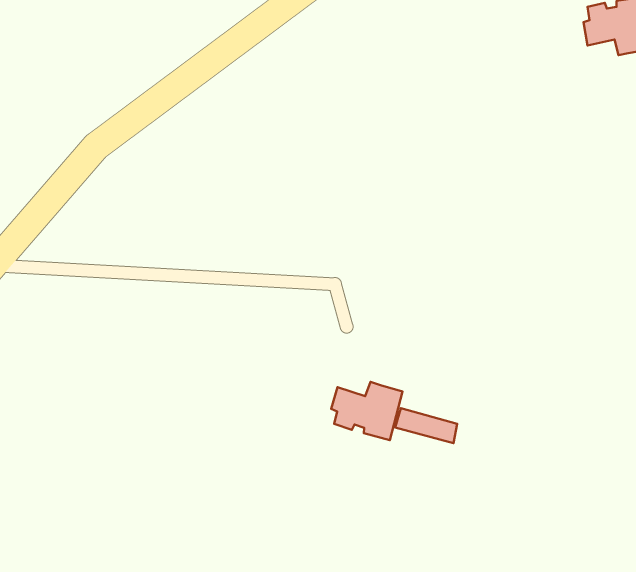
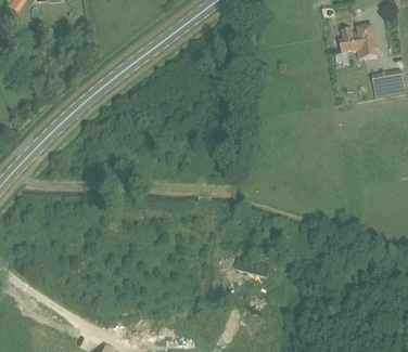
building: [331,382,402,440] -> none

